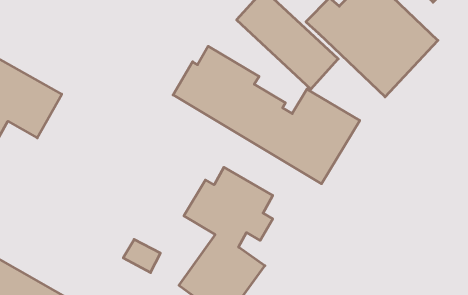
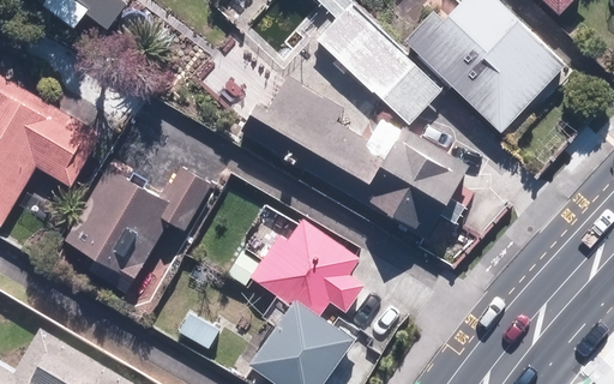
building: none -> [62,162,215,283]

